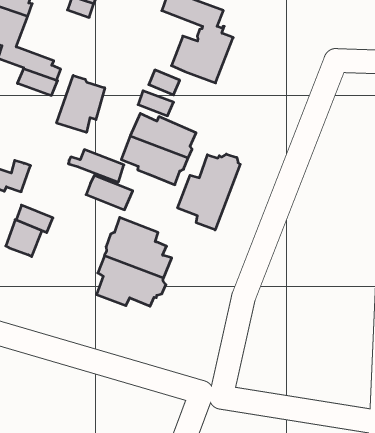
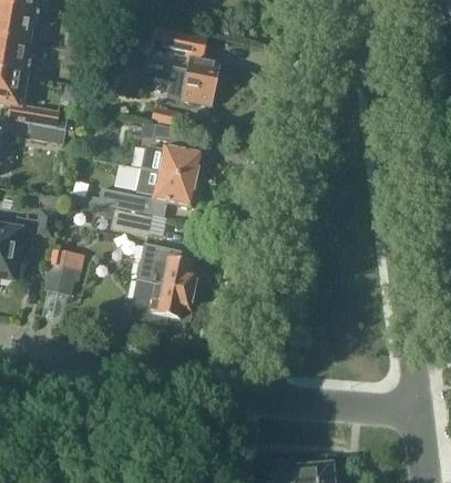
building: [57,75,105,132] -> none
building: [178,154,240,230] -> none

